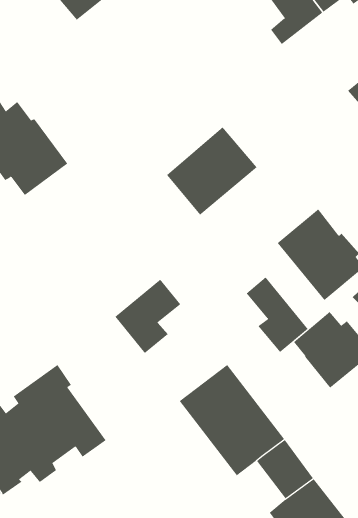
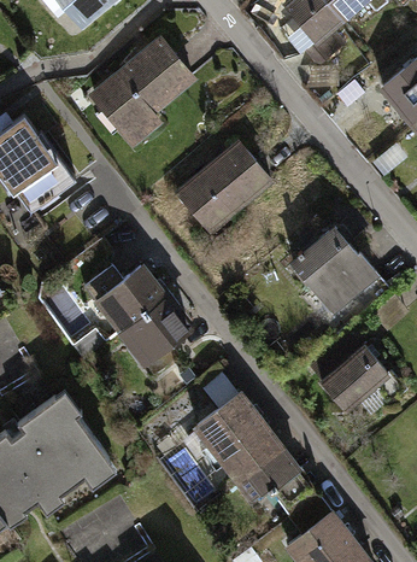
building: none -> [88,34,199,147]
building: none -> [93,263,171,339]
building: [246,277,309,353] -> none

